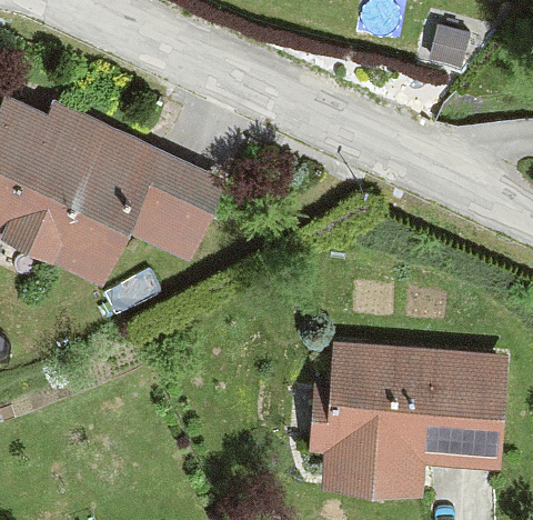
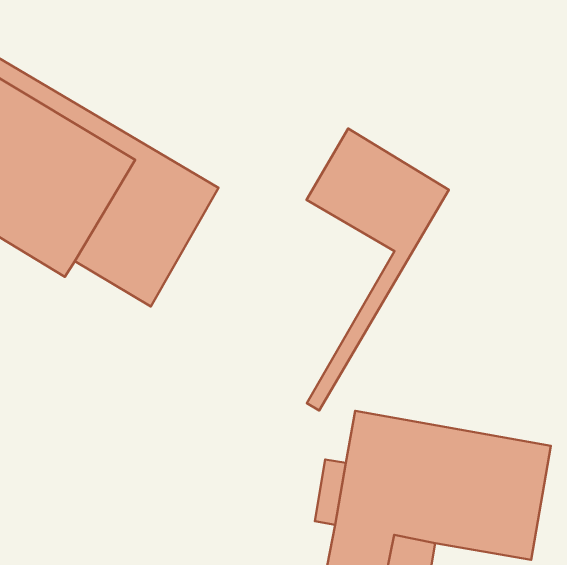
building: none -> [307,129,449,411]

